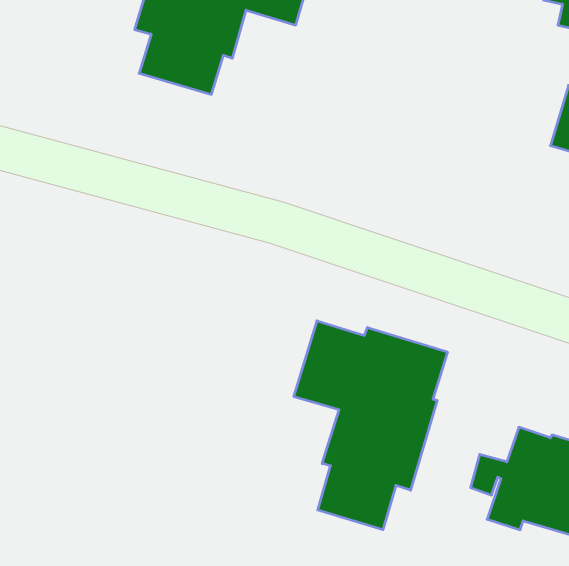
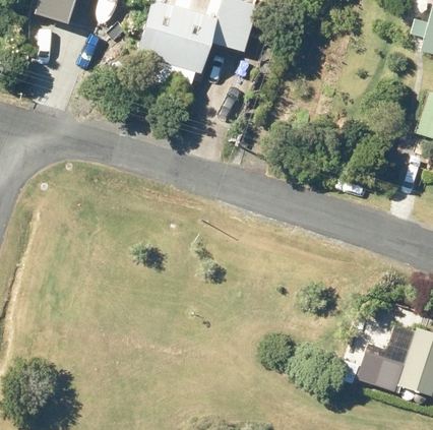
building: [294,321,447,530] -> none

